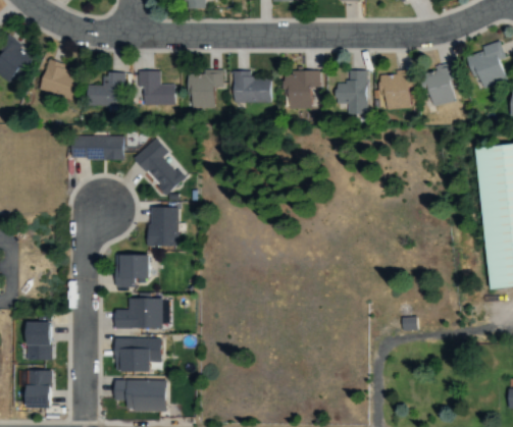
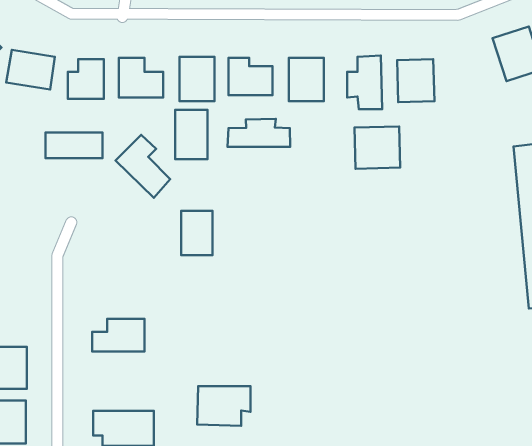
building: [423,63,457,105] -> none
building: none -> [175,110,207,159]
building: none -> [228,119,290,147]
building: none -> [355,127,400,169]
building: [149,207,176,246] -> [181,211,212,255]
building: [122,255,152,281] -> none
building: [115,337,162,372] -> [197,386,251,426]

